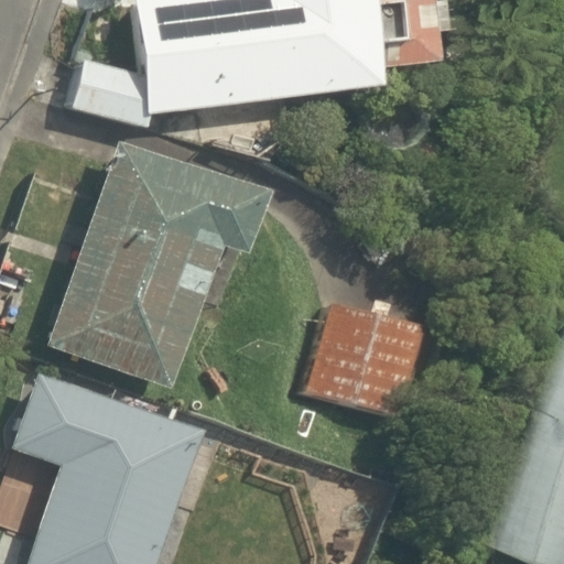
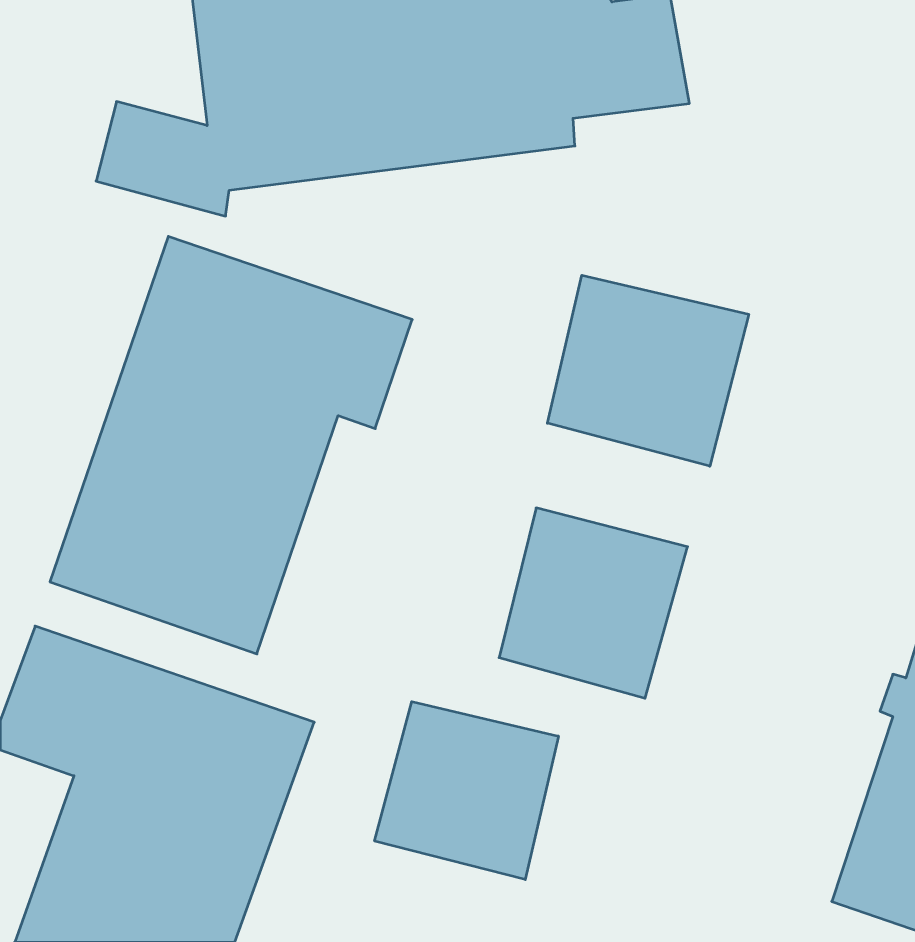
building: none -> [547,275,749,466]
building: none -> [375,702,558,880]

